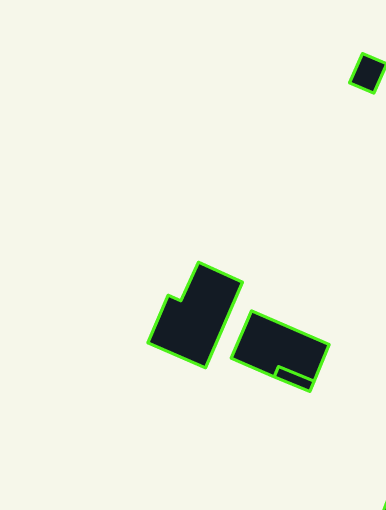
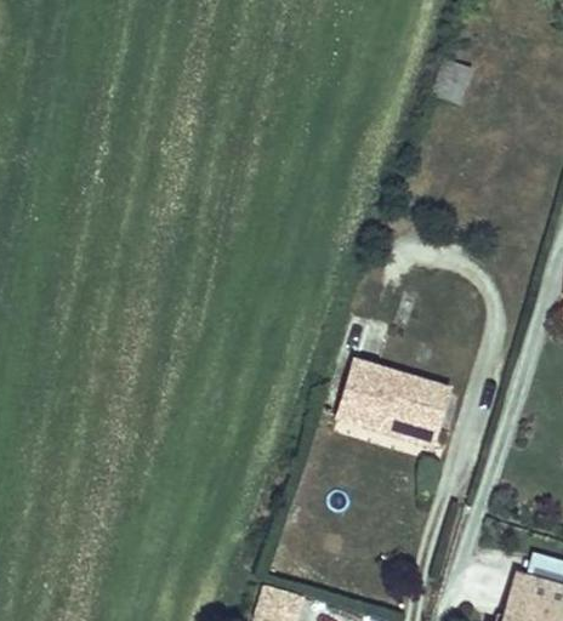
building: [148,262,243,368] -> none

